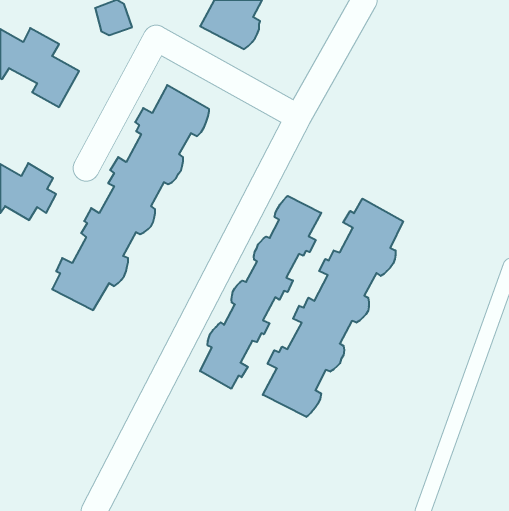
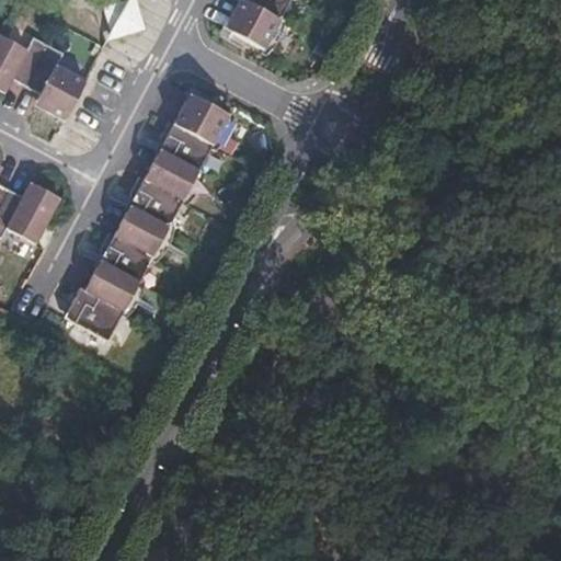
building: [200,196,321,389] -> none
building: [263,199,403,417] -> none

